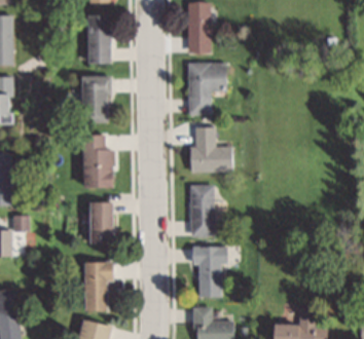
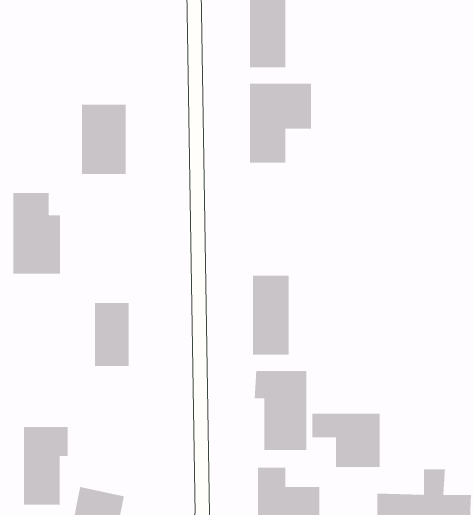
building: [87,14,111,63] -> none
building: [189,127,232,172] -> none
building: [81,135,112,187] -> [12,192,61,274]
building: [84,261,113,311] -> [23,426,68,505]
building: none -> [311,413,380,468]

